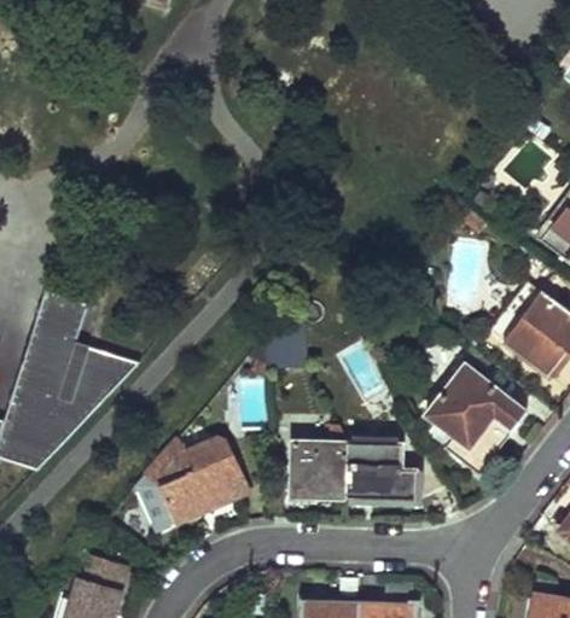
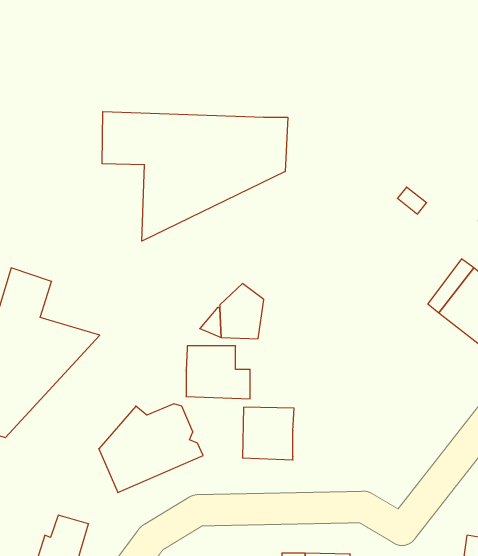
building: none -> [102,112,288,241]
building: [427,362,527,472] -> none
building: [345,439,414,496] -> [186,346,250,399]

